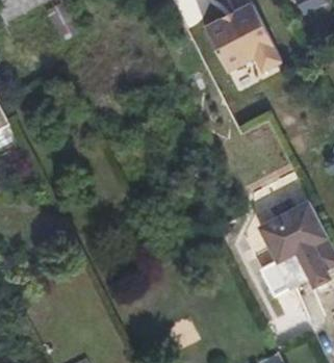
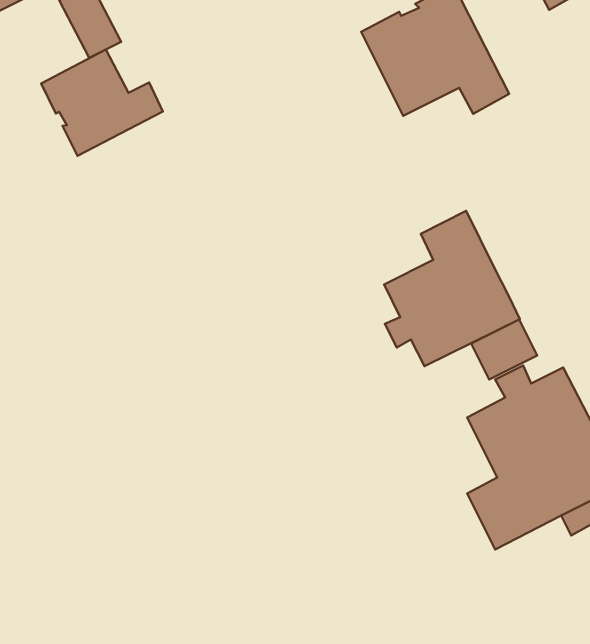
building: none -> [41,50,163,156]
building: none -> [384,211,520,366]

